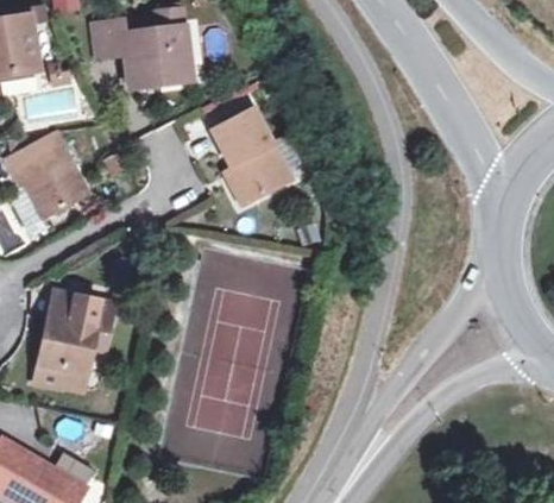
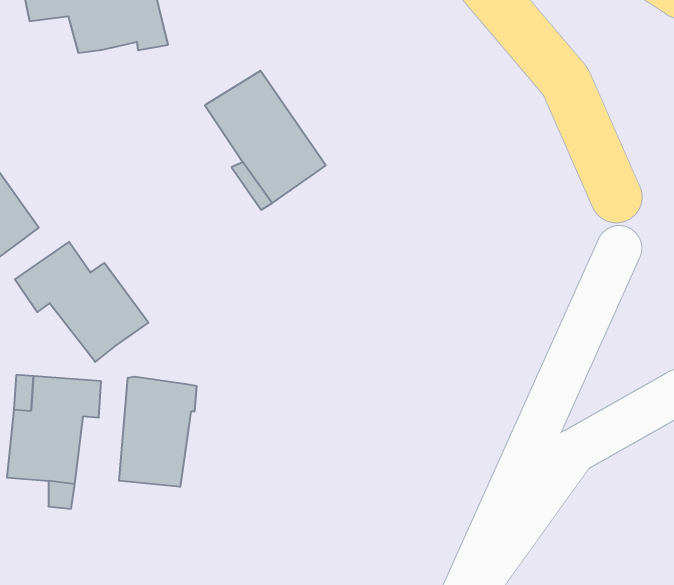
building: none -> [15,242,148,362]
building: none -> [119,377,197,487]

